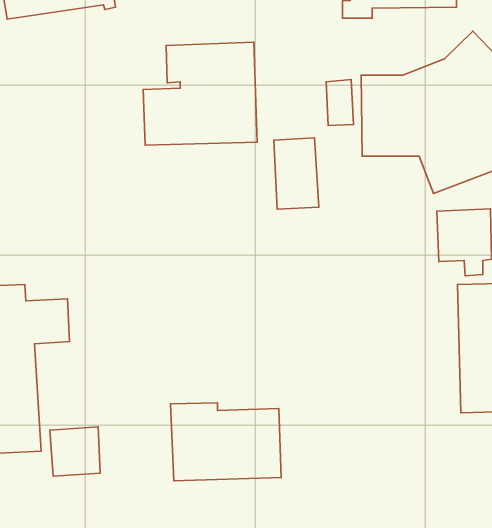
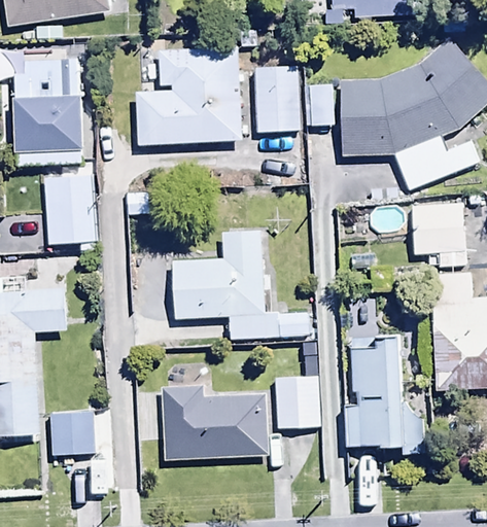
building: none -> [13,59,90,165]
building: [274,138,319,209] -> [253,65,295,132]
building: none -> [43,175,97,243]
building: none -> [173,231,309,339]
building: none -> [345,335,403,449]
building: none -> [276,378,320,427]

